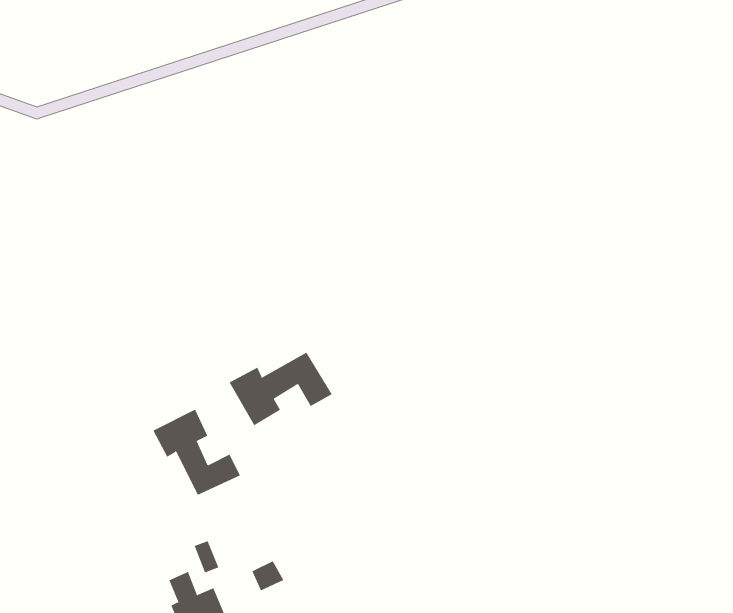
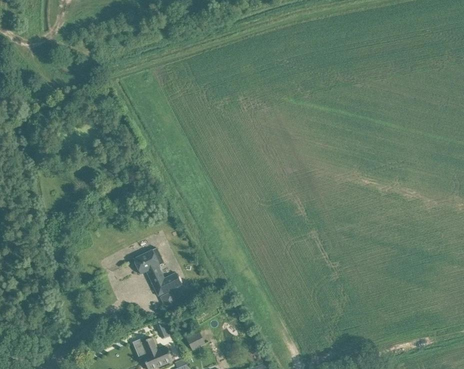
building: [229,352,332,426] -> none

